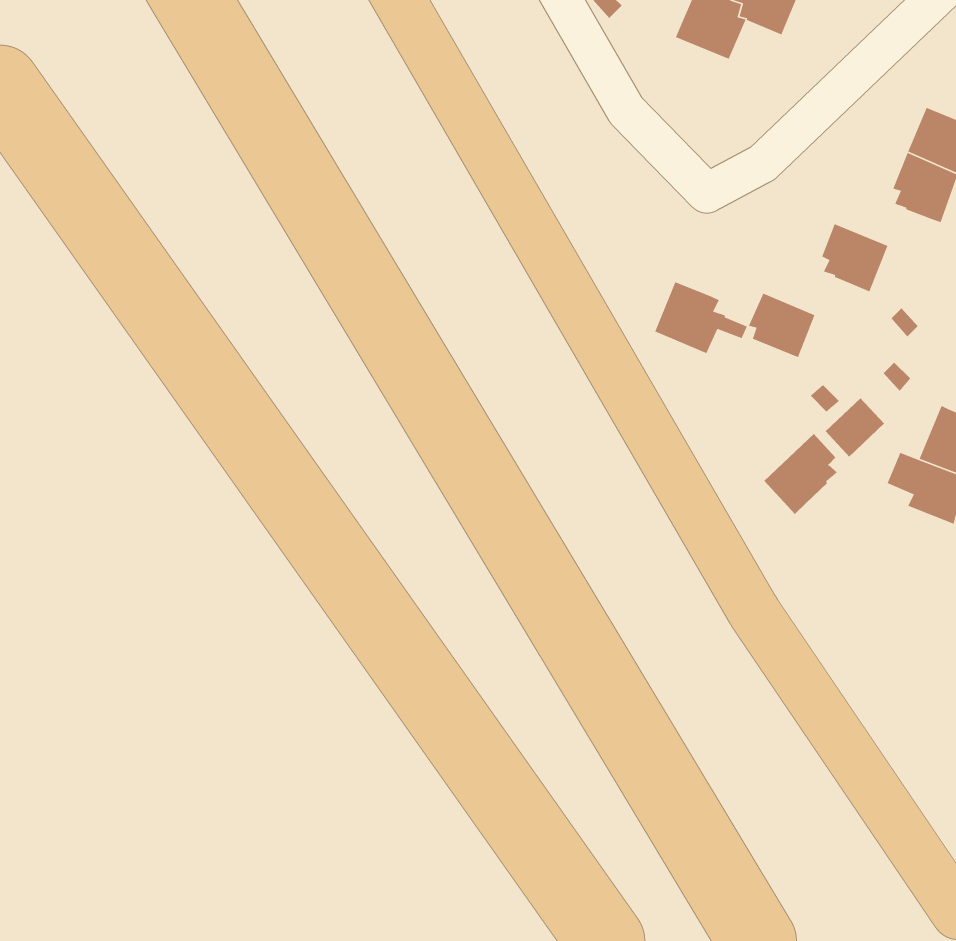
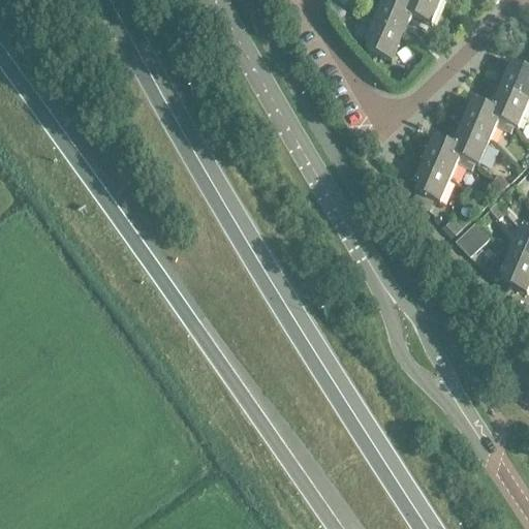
building: none -> [365,21,403,58]
building: none -> [461,95,514,135]
building: [654,281,748,354] -> [422,133,473,174]
building: [764,433,838,515] -> none

